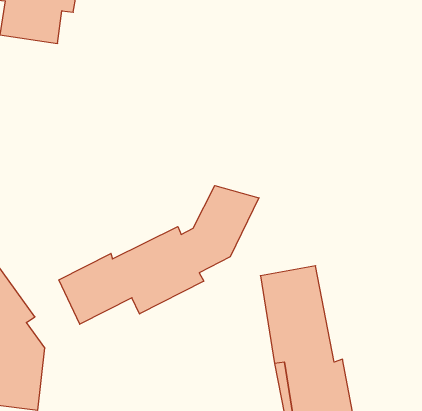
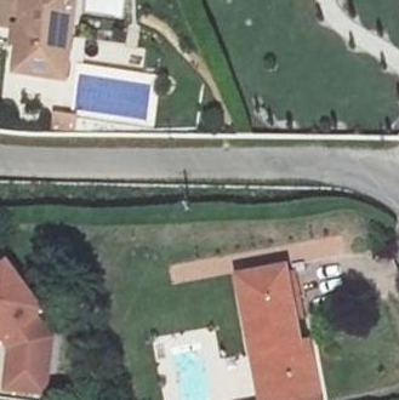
building: [59,186,259,324] -> none

